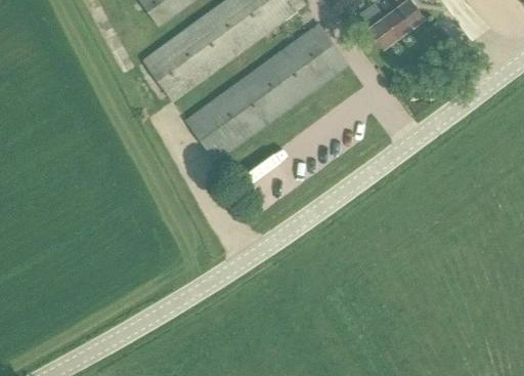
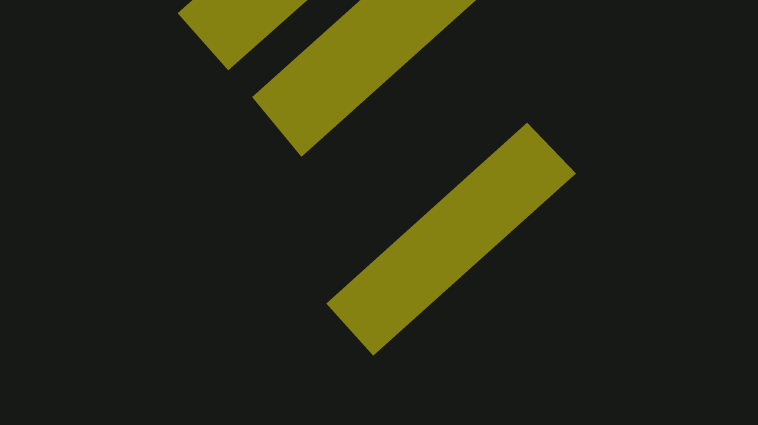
building: none -> [325,122,577,357]

